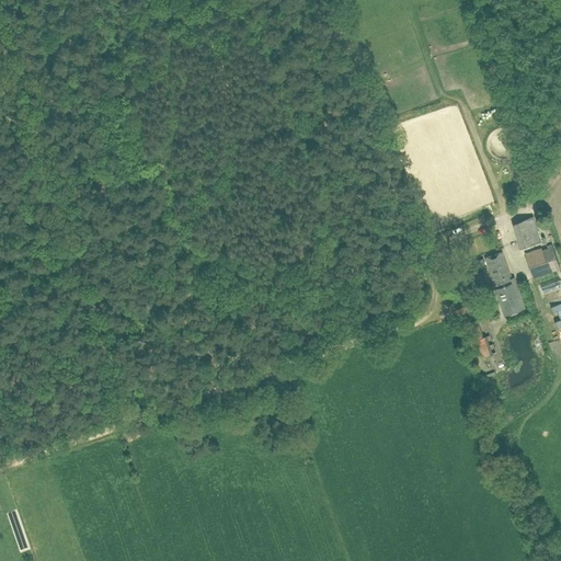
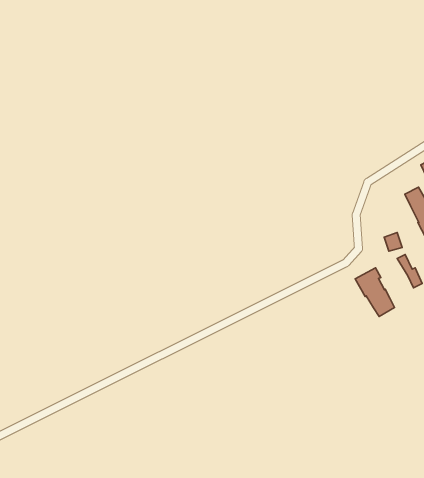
building: none -> [355,268,395,316]

